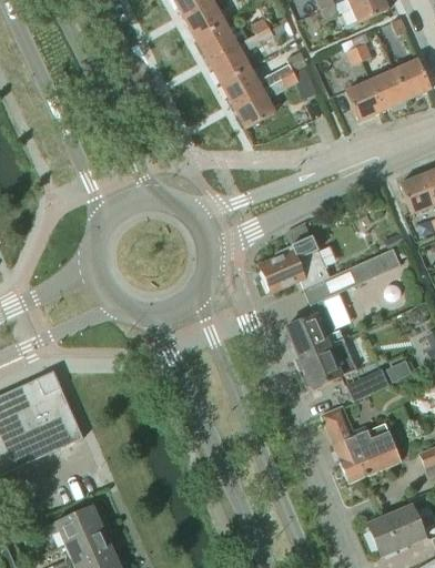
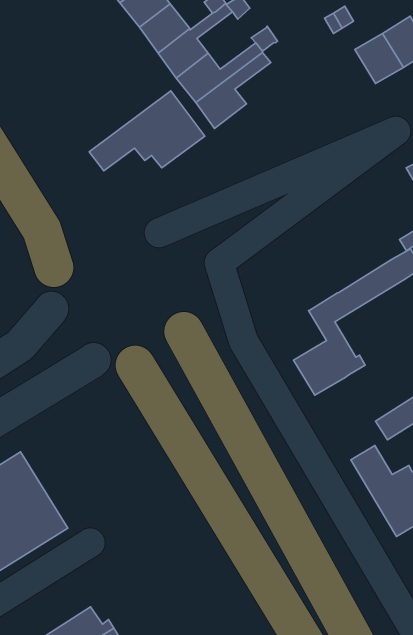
building: [345,80,383,121] -> none
building: none -> [89,91,205,171]
building: [259,236,328,292] -> none
building: [299,338,356,388] -> none

